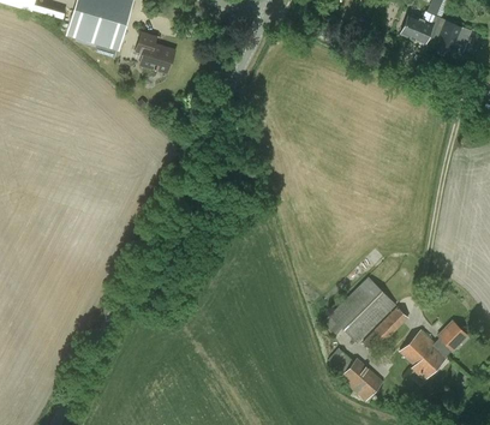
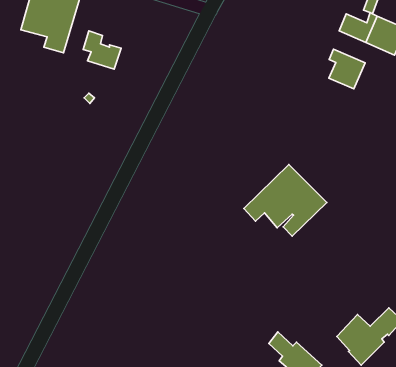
building: none -> [329,49,365,89]
building: [322,277,408,352] -> [244,165,327,236]

